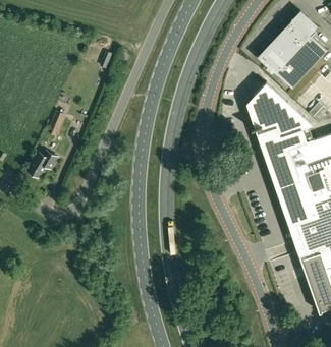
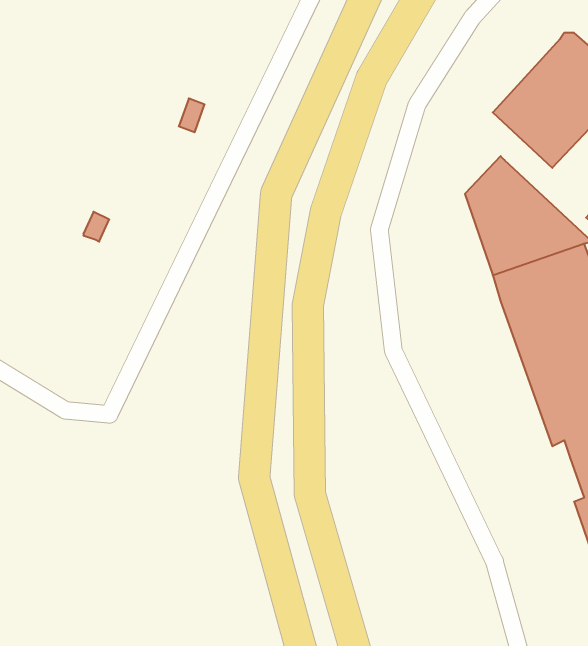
building: [27,151,58,179] -> none

